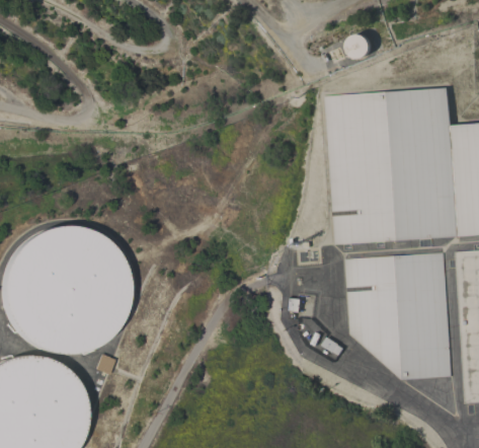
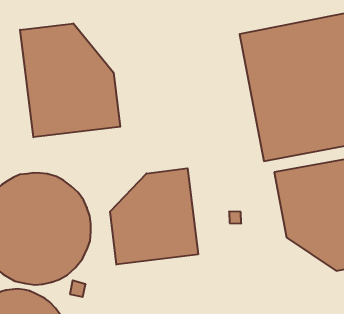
building: none -> [20,23,120,137]
building: none -> [110,168,198,265]

